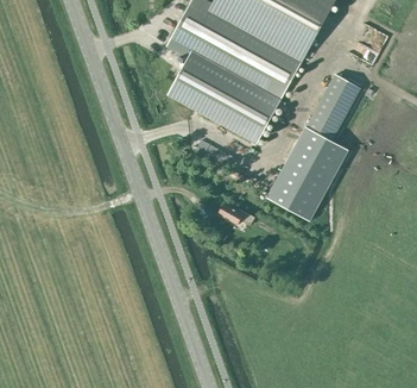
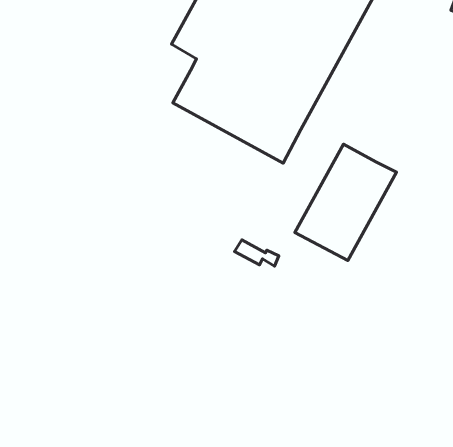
building: [305,75,360,142] -> none

